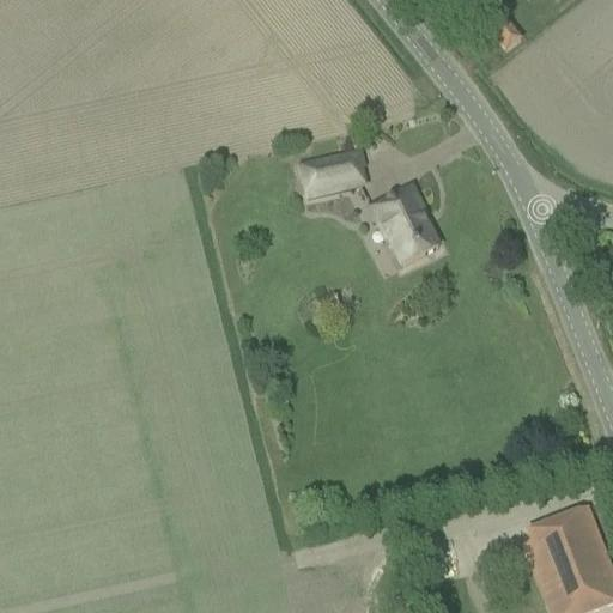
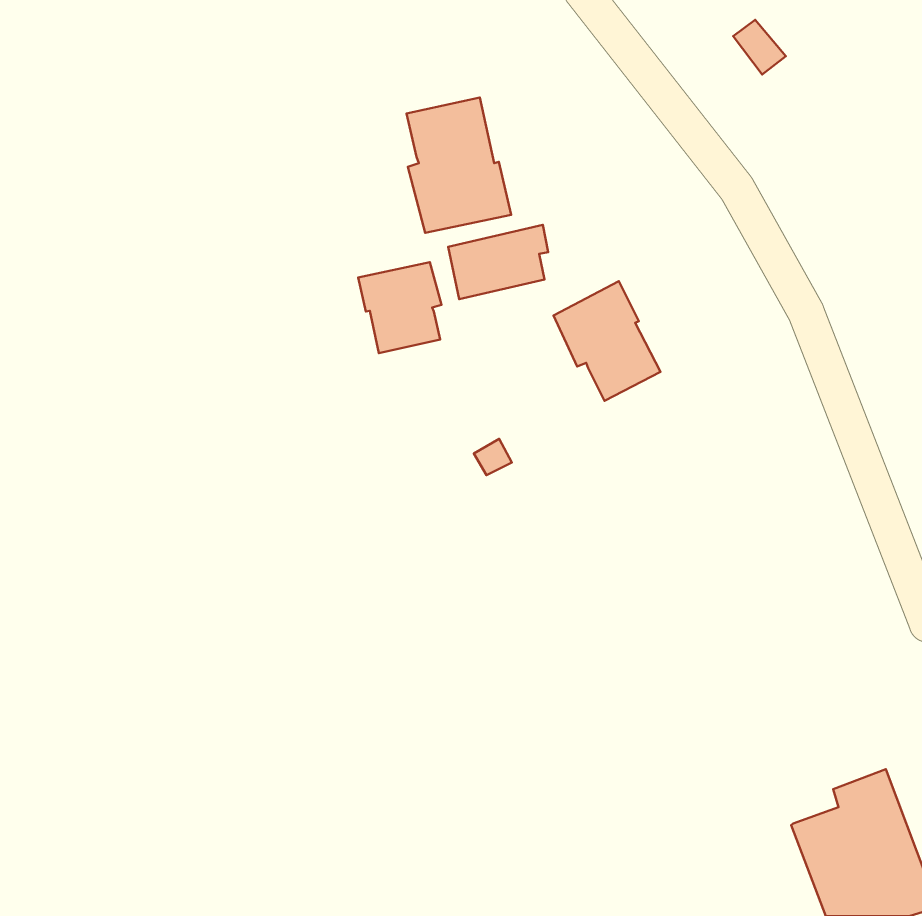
building: none -> [406,97,511,233]
building: none -> [358,262,441,353]

